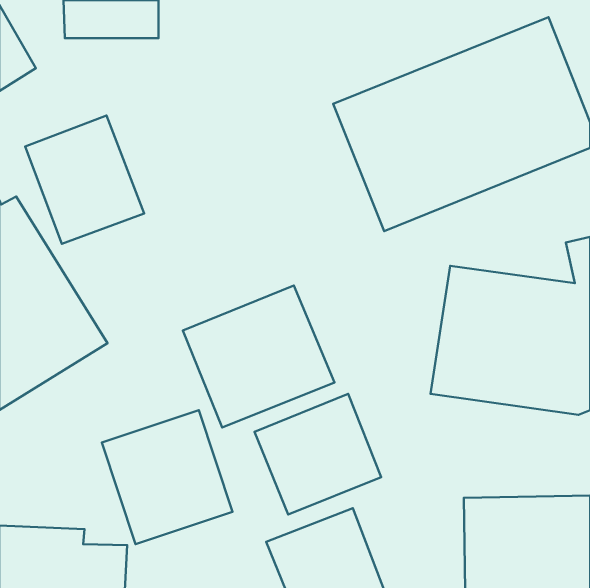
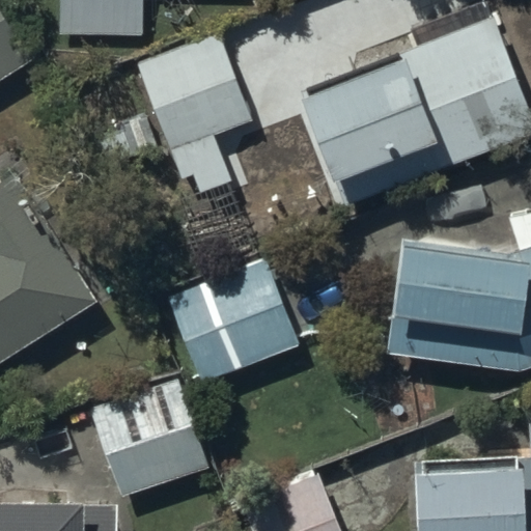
building: none -> [136,32,252,197]
building: [25,116,144,244] -> none
building: [255,394,381,515] -> none

